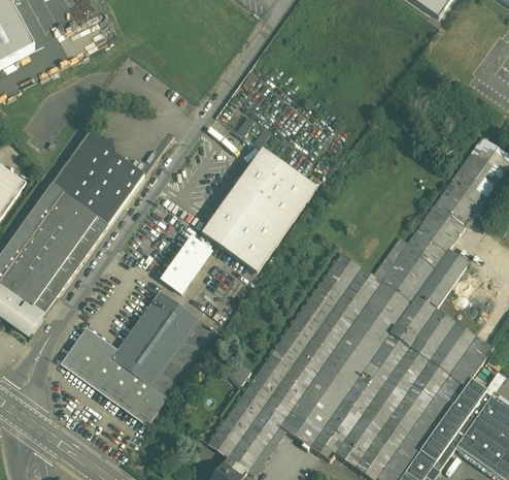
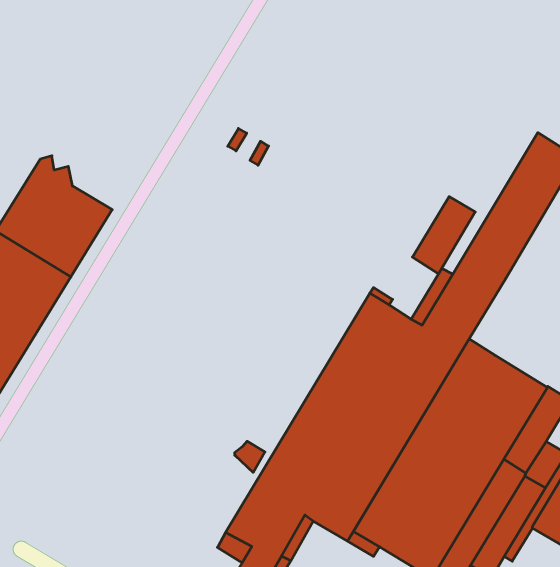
building: [201,149,316,271] -> none
building: [161,237,210,293] -> none
building: [416,248,468,308] -> [412,197,475,274]
building: [65,291,214,422] -> none

